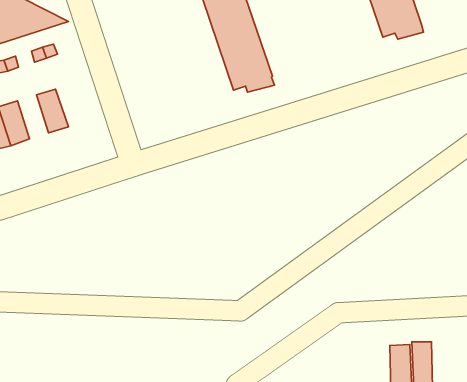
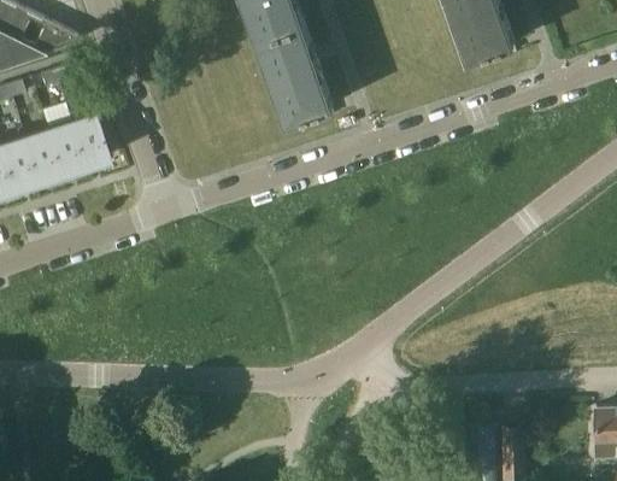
building: none -> [67,112,107,168]
building: none -> [22,129,59,182]

